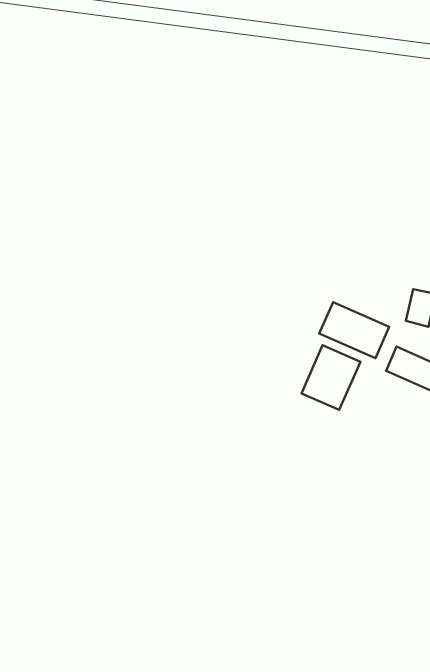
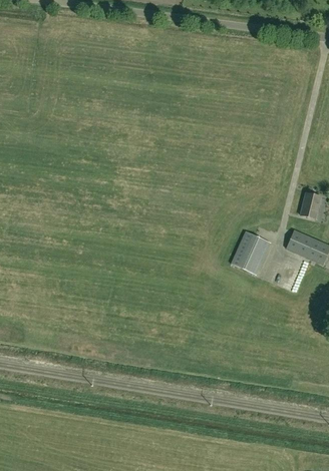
building: [319,302,389,358] -> none

